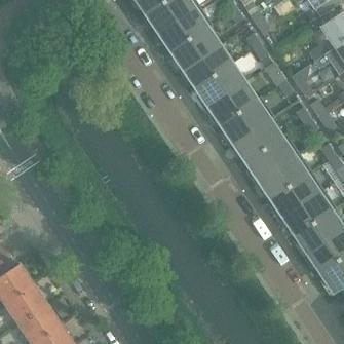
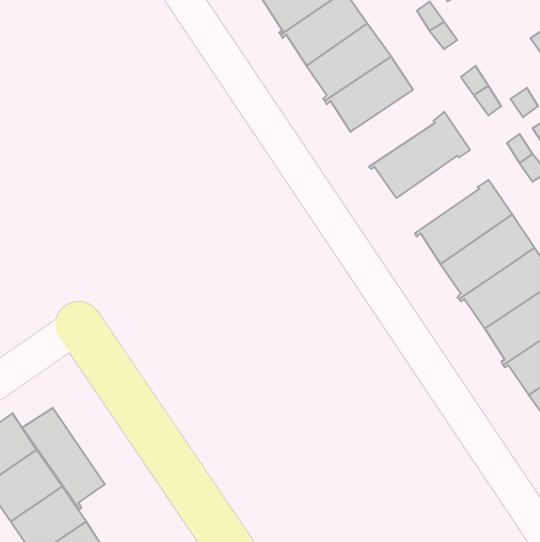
building: [208,83,256,126] -> none
building: [234,120,280,163] -> none
building: none -> [22,408,105,509]

